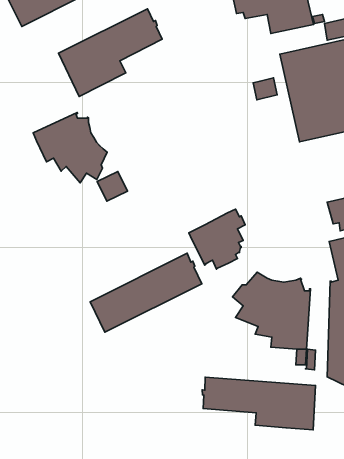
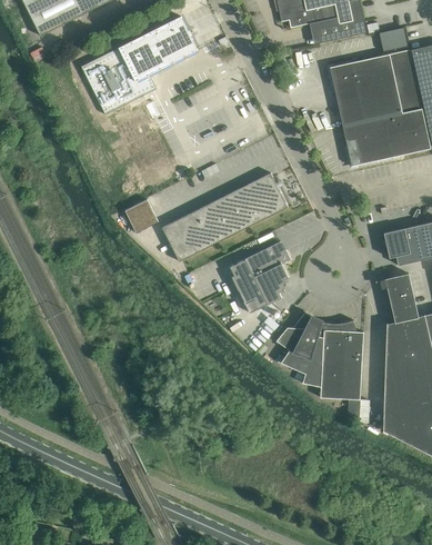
building: [253,78,277,100] -> none
building: [33,113,107,183] -> none
building: [90,253,202,332] -> [162,172,288,261]
building: [202,377,315,430] -> none

